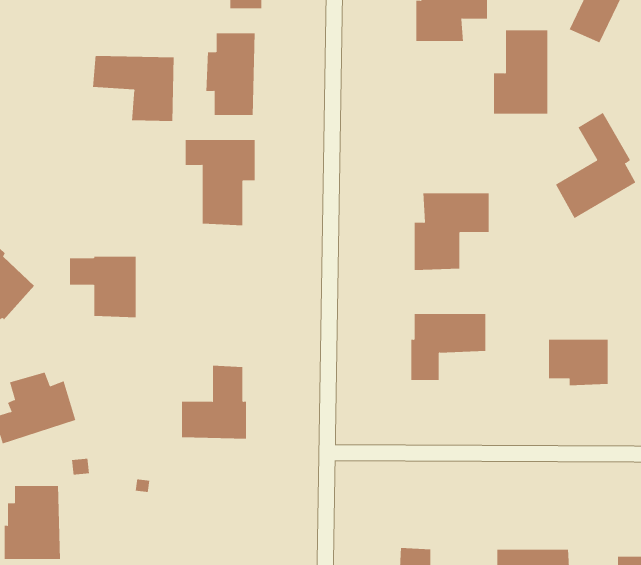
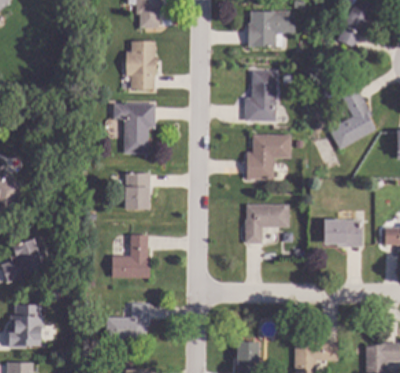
building: [493,30,548,114] -> [245,71,277,120]
building: [93,55,174,122] -> none
building: [69,256,136,318] -> [111,173,150,209]
building: none -> [106,303,149,339]

